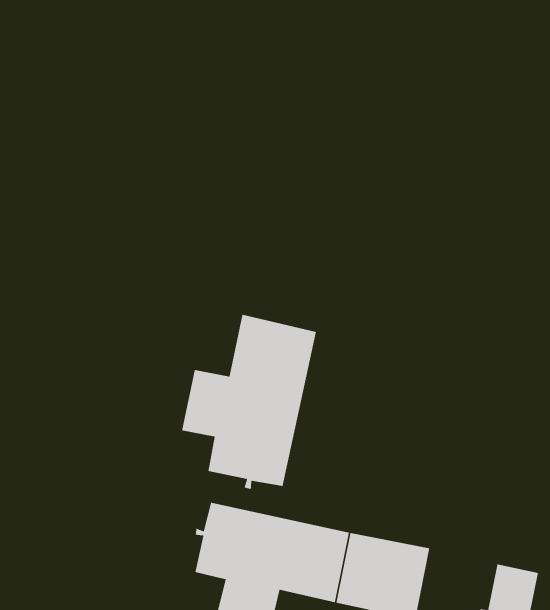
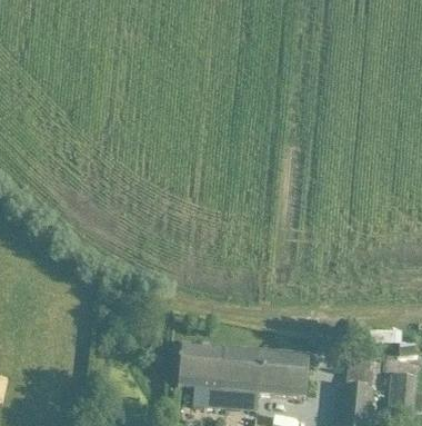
building: [181,314,317,490] -> none

